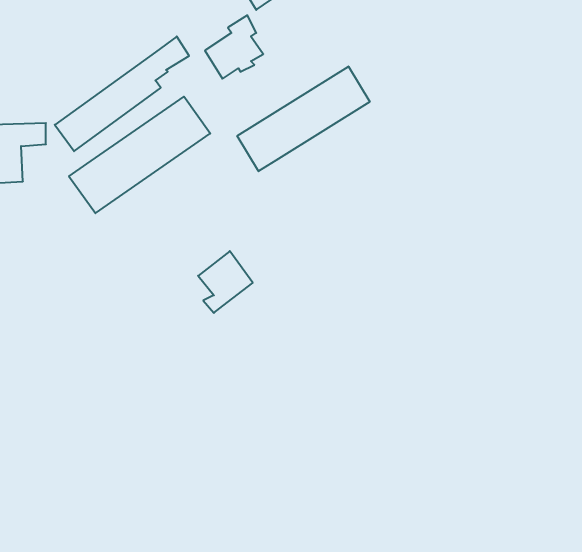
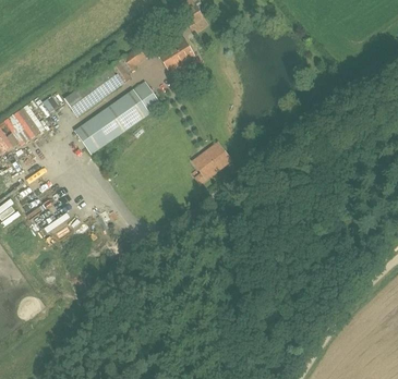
building: [237,66,370,171] -> none
building: [198,251,253,313] -> [190,145,224,183]

